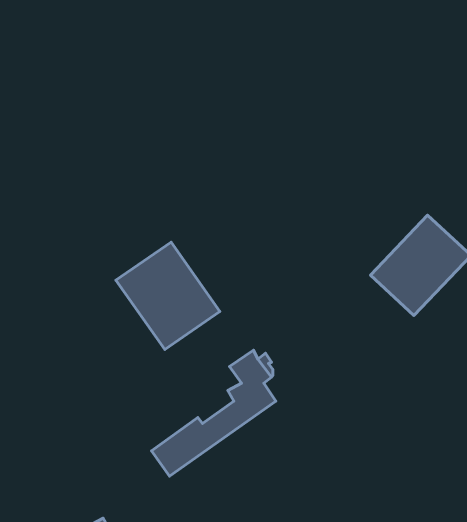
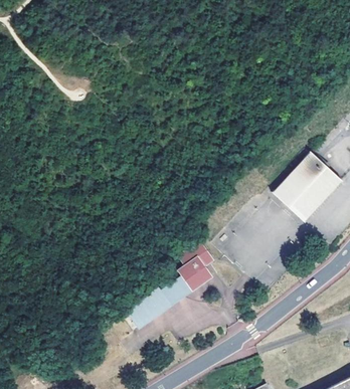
building: [116,242,220,350] -> none

